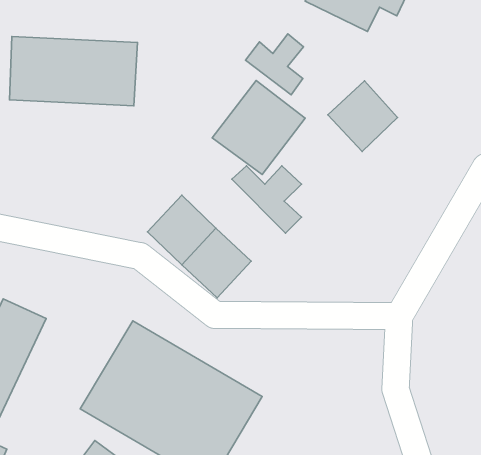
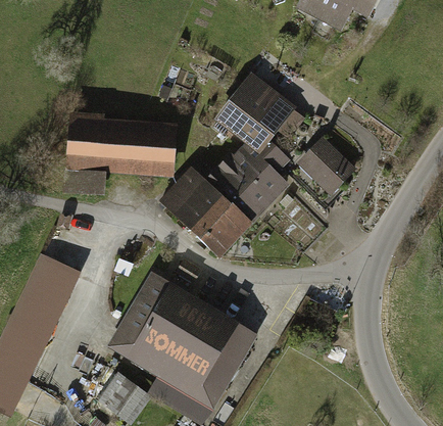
building: [246,34,303,95] -> none
building: [9,36,138,106] -> [66,117,174,176]
building: [328,81,398,152] -> [298,136,356,195]
building: none -> [213,154,278,219]

